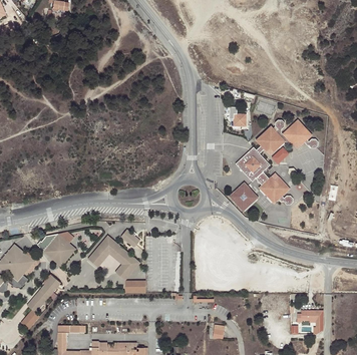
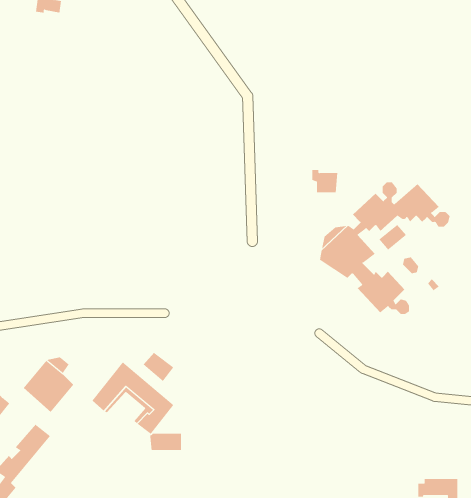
building: [229,183,258,212] -> none

